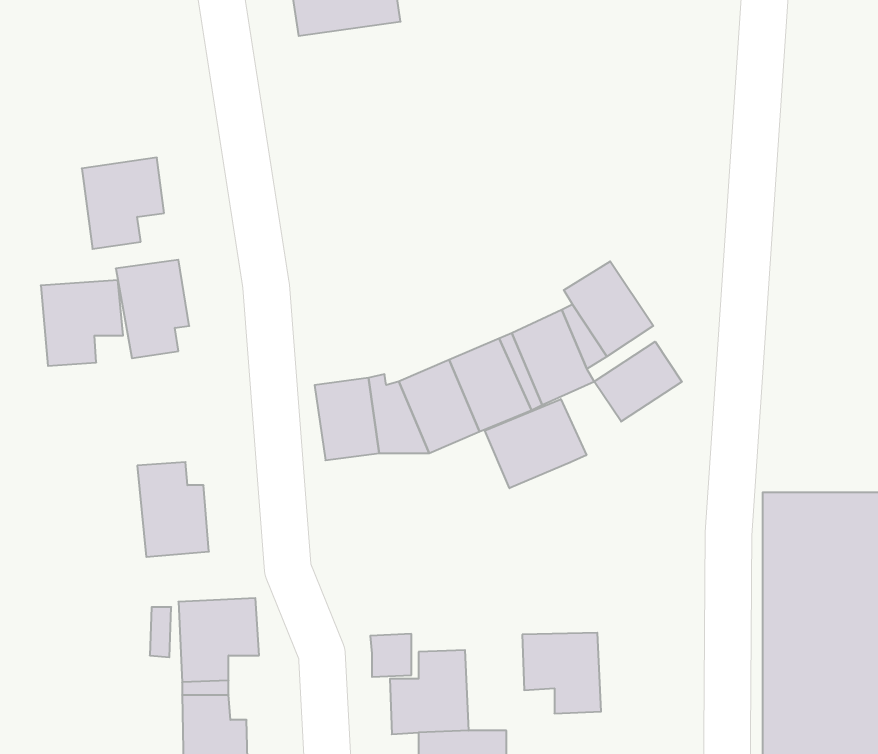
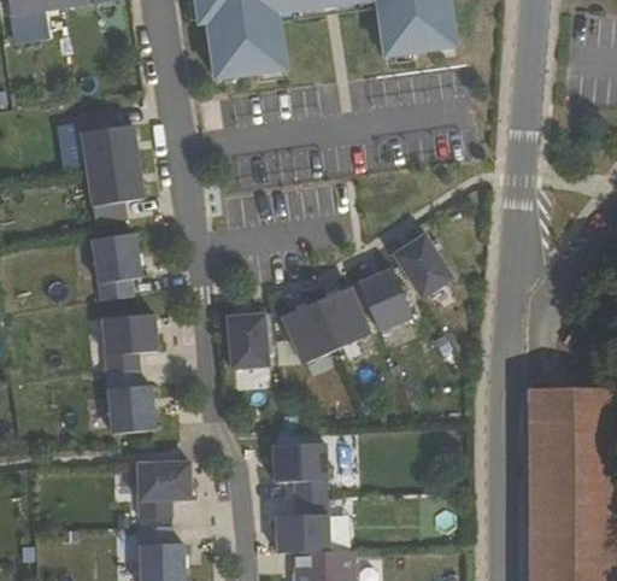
building: none -> [63,112,122,171]
building: [41,280,123,366] -> [104,313,159,371]
building: [594,342,682,422] -> none
building: [485,399,586,488] -> none
building: [522,633,601,713] -> [276,442,329,497]

